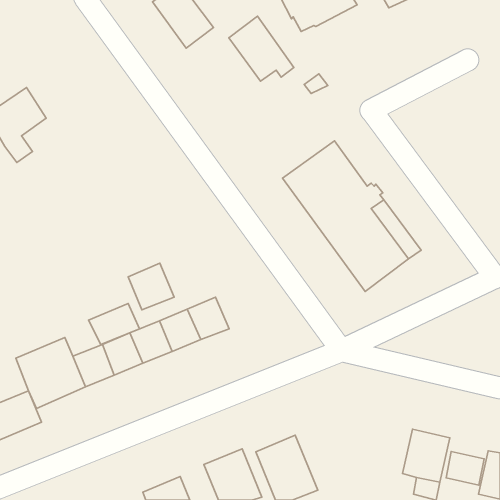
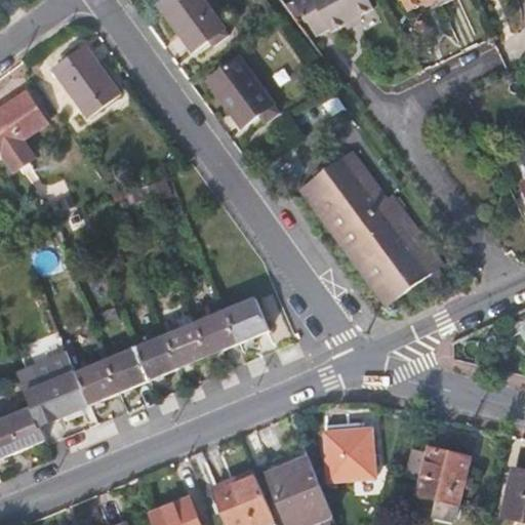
building: [229,16,294,81] -> [208,57,276,125]
building: none -> [57,46,121,116]
building: [128,263,174,310] -> none
building: none -> [225,296,269,342]
building: [88,304,139,345] -> none
building: none -> [324,428,374,481]
building: [446,452,484,485] -> none

